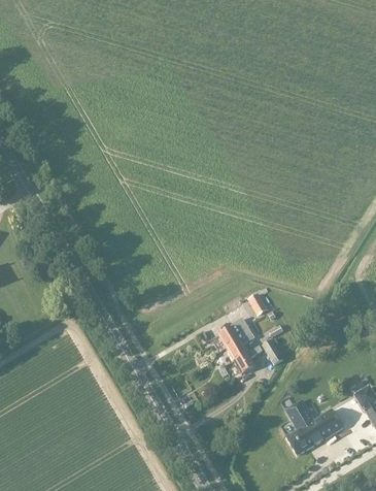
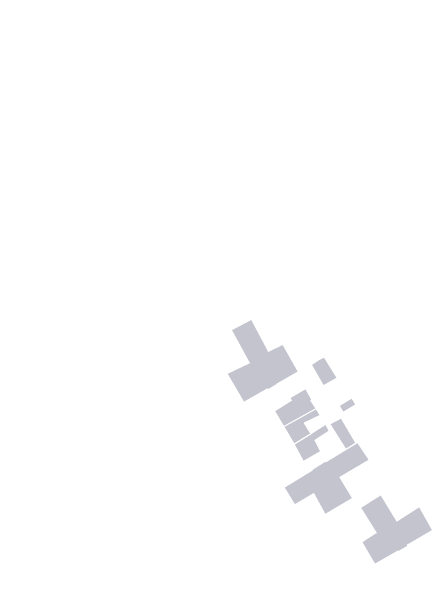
building: none -> [227,319,298,402]
building: none -> [284,442,370,515]

